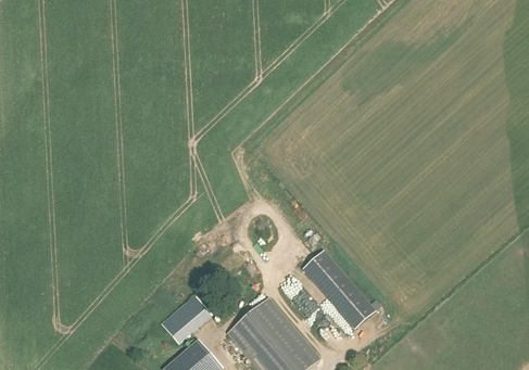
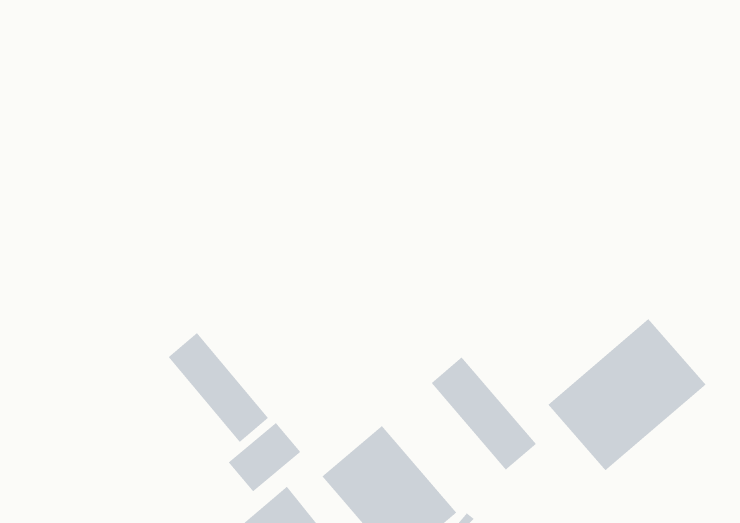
building: none -> [548,318,706,471]
building: none -> [168,332,269,443]

